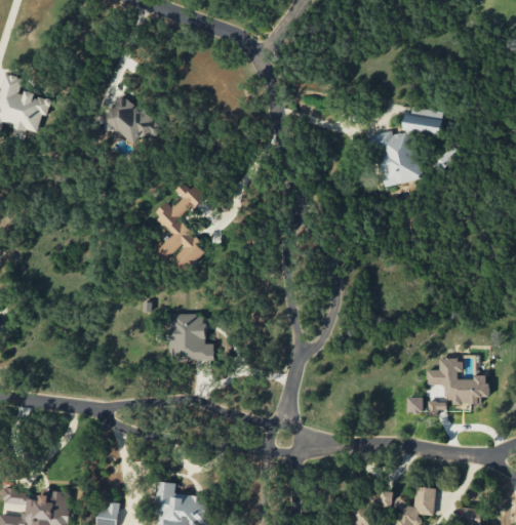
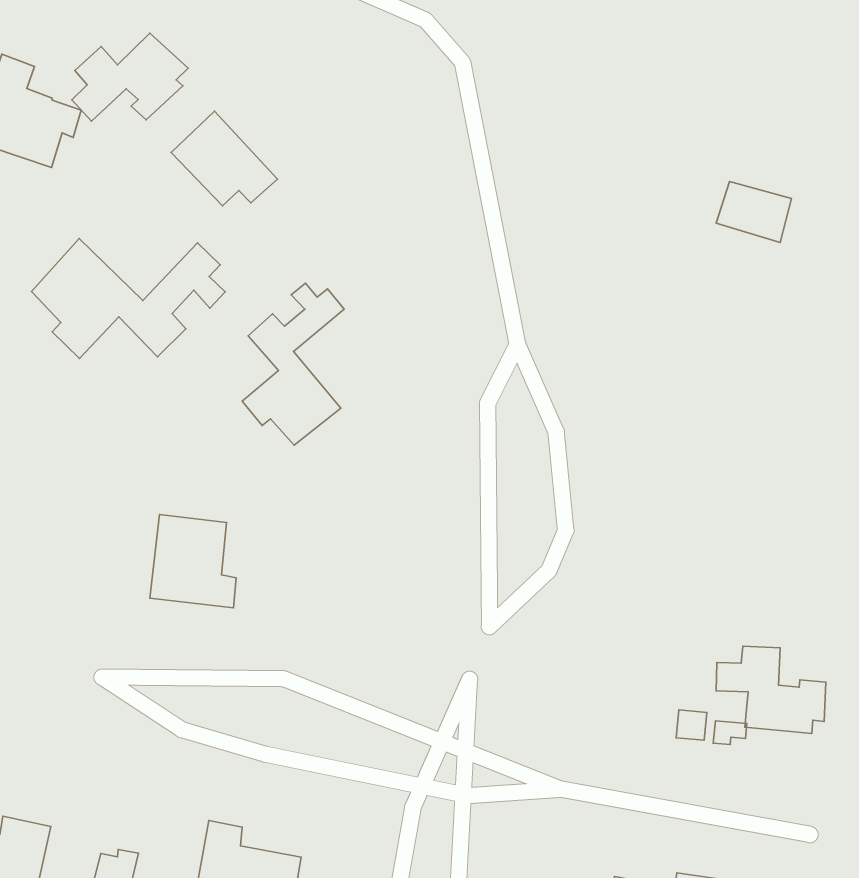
building: none -> [72,33,188,121]
building: [369,130,422,188] -> none
building: none -> [31,238,225,358]
building: [167,314,213,361] -> [150,515,236,608]

